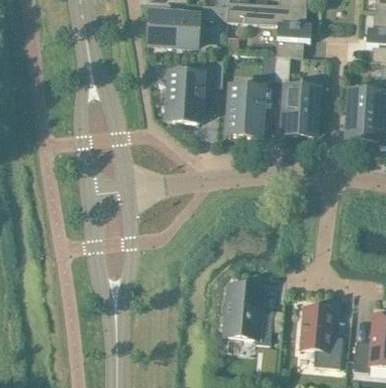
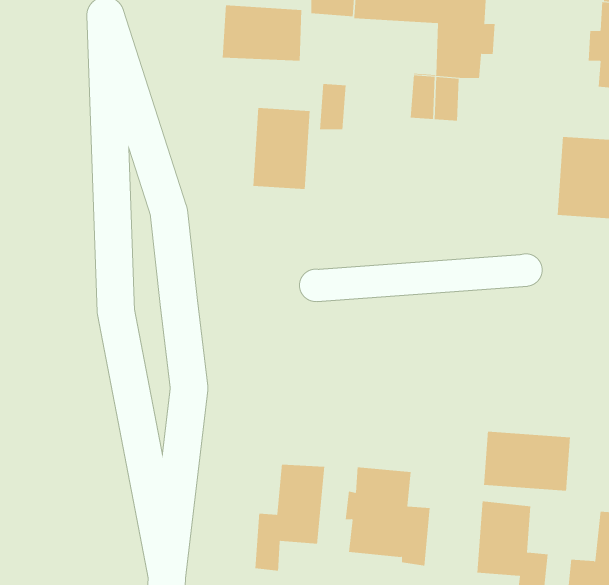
building: [282,85,316,133] -> none
building: [227,86,262,134] -> none
building: none -> [483,431,571,492]
building: none -> [255,464,325,571]

